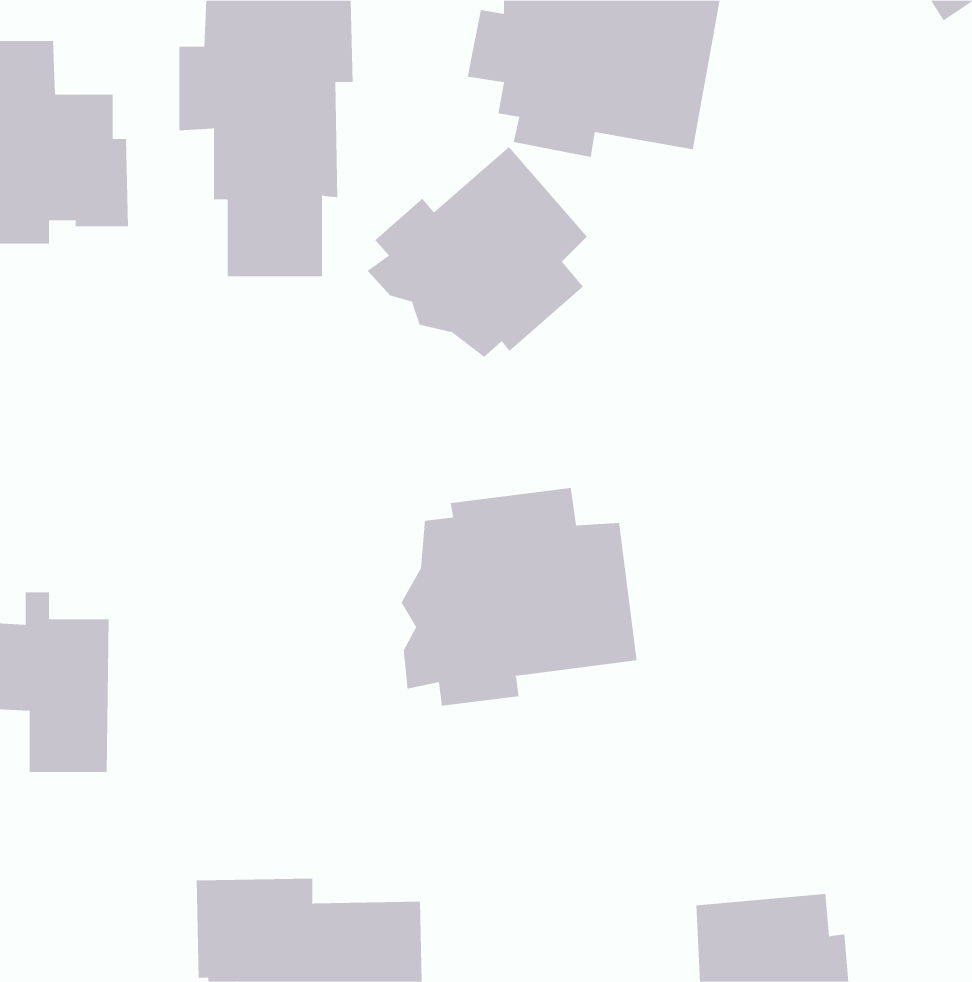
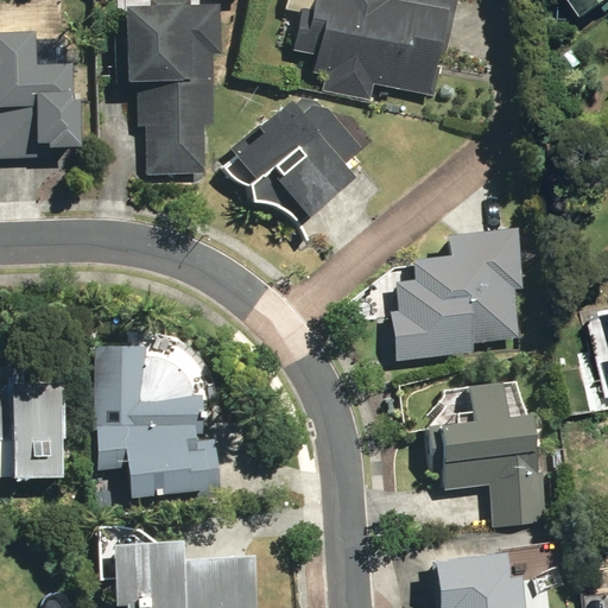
building: none -> [392,228,525,360]
building: [401,487,637,706] -> none
building: none -> [93,347,218,499]
building: none -> [429,382,544,526]

